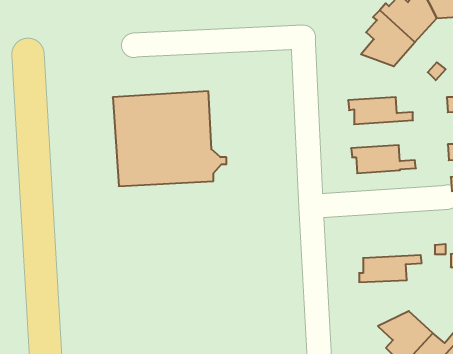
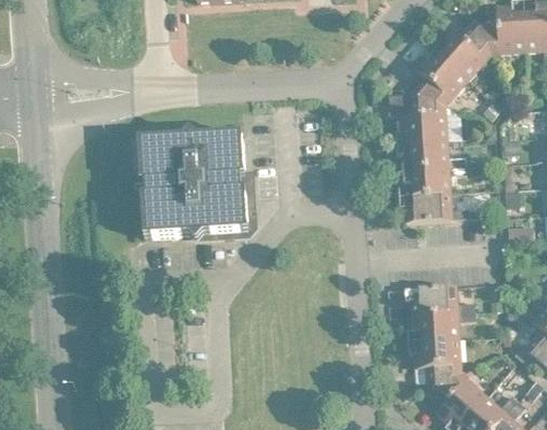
building: none -> [396,93,448,143]
building: none -> [399,164,466,195]
building: none -> [404,284,475,315]
building: none -> [408,339,462,389]

